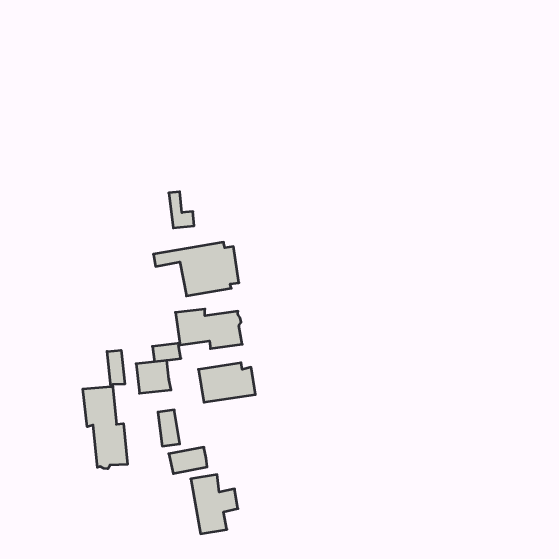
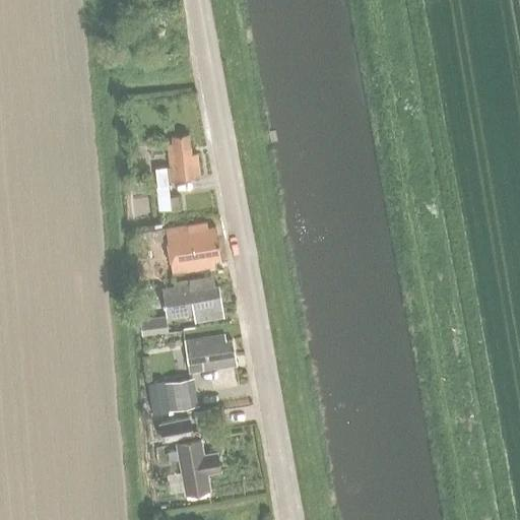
building: none -> [167,134,201,181]
building: [83,350,127,469] -> none
building: [136,360,171,393] -> [164,378,196,408]

